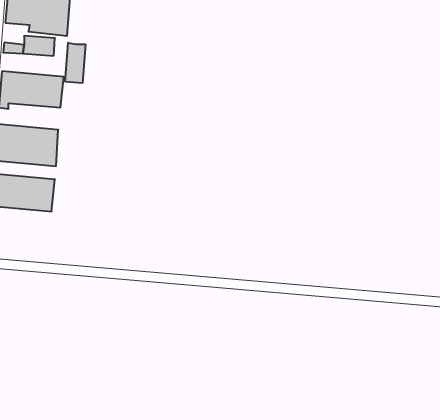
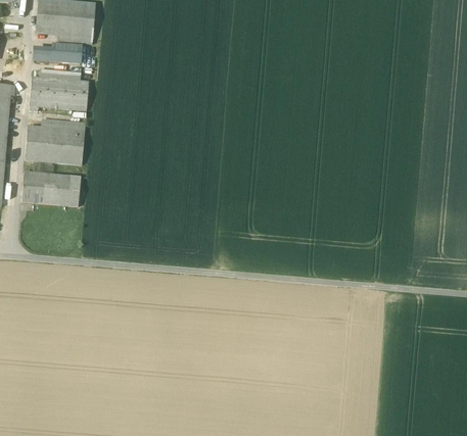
building: [65,43,85,83] -> none

